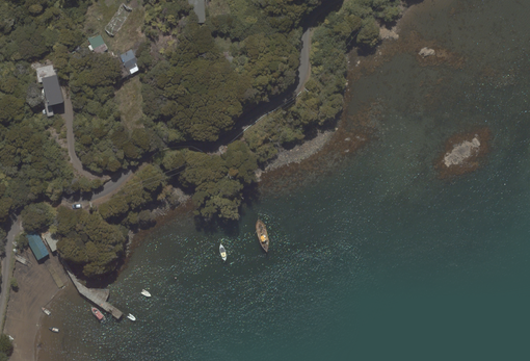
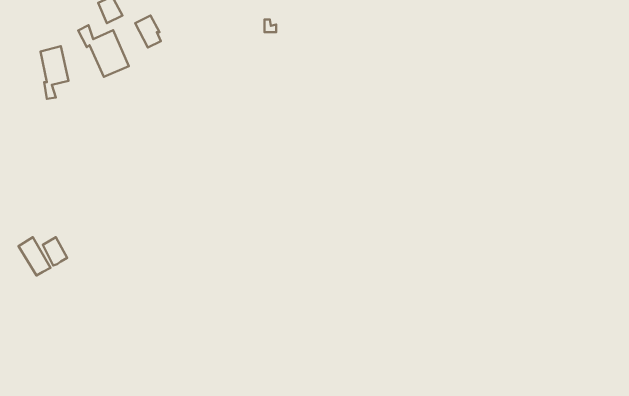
building: none -> [78,25,129,77]

